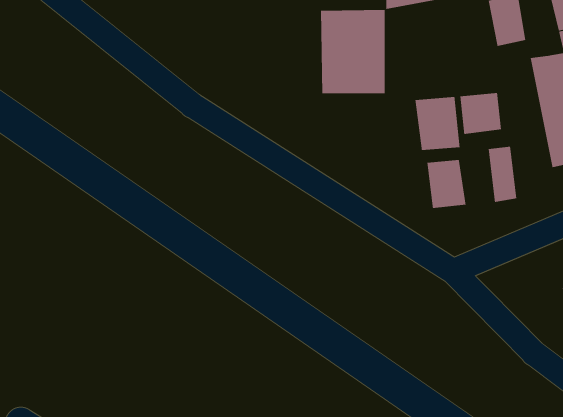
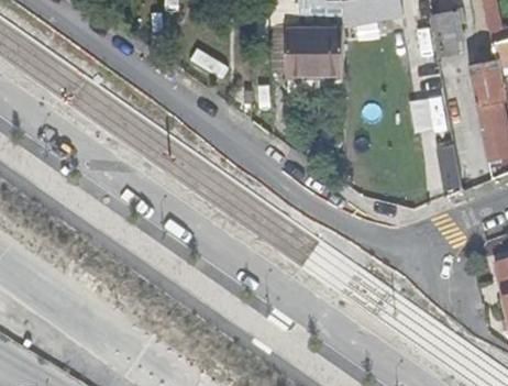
building: [415,96,460,151] -> none
building: [427,159,466,209] -> none

